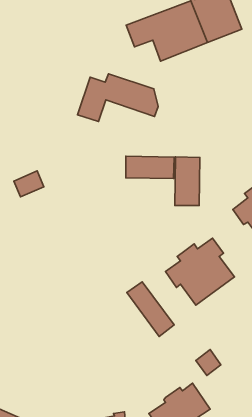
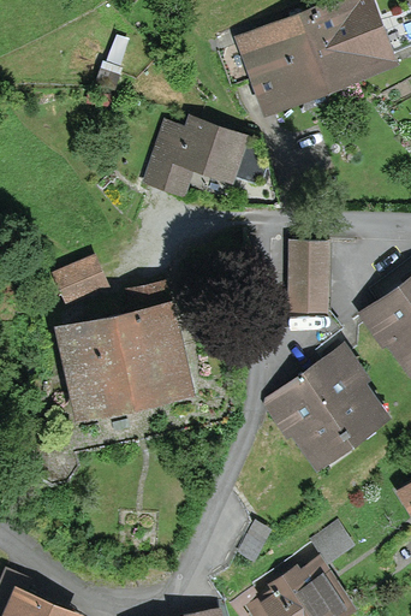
building: [126,156,174,178] -> none
building: none -> [70,285,179,405]
building: [127,282,174,337] -> none

